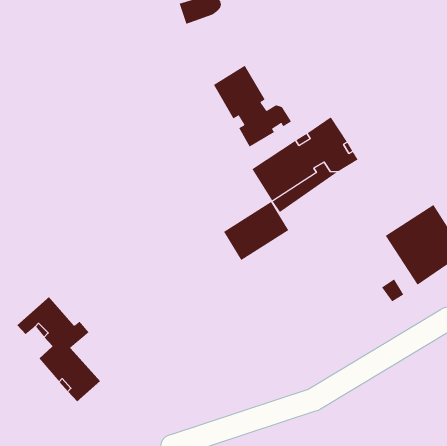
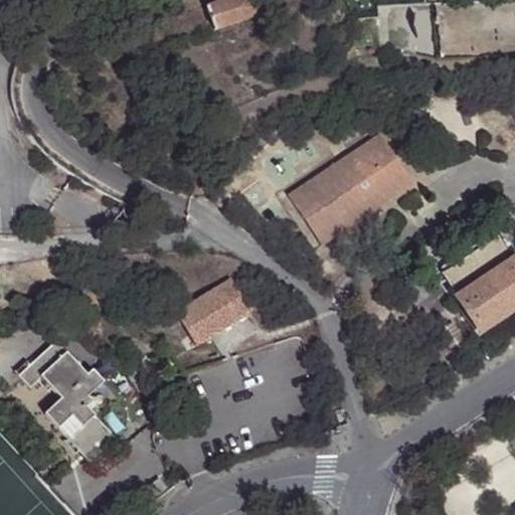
building: none -> [382,5,436,46]
building: [213,65,292,148] -> none
building: [223,201,289,261] -> [176,277,251,345]

